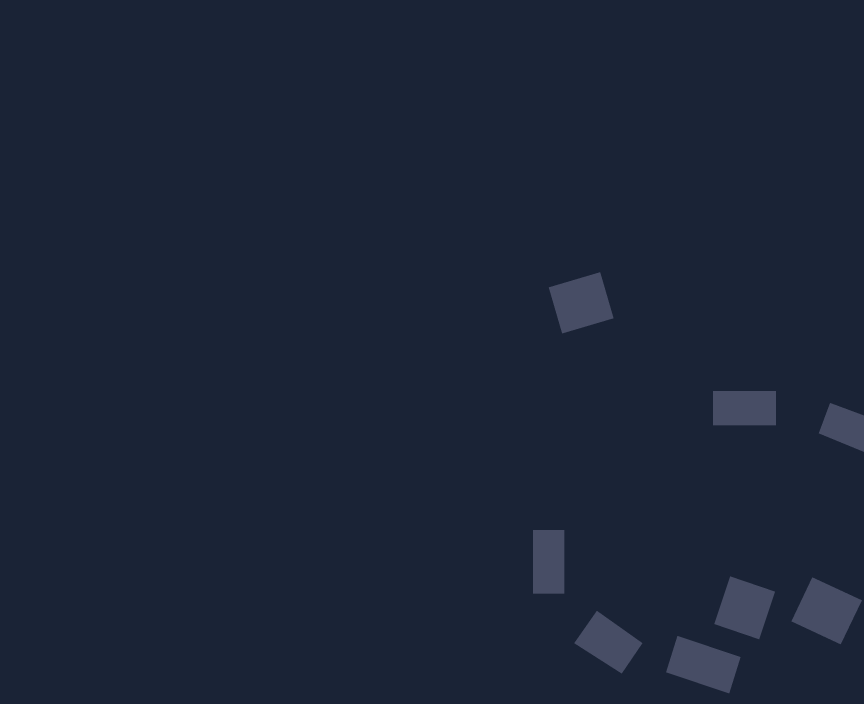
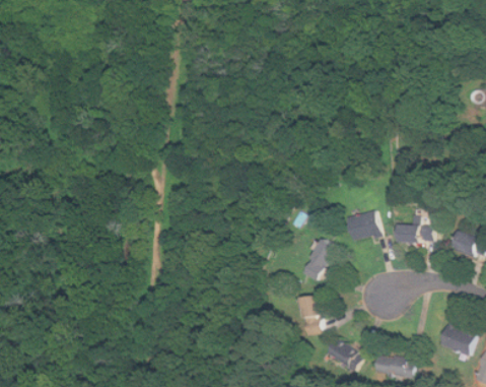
building: [548,272,614,334] -> [345,209,379,242]
building: none -> [301,239,336,280]
building: [714,575,776,640] -> none

